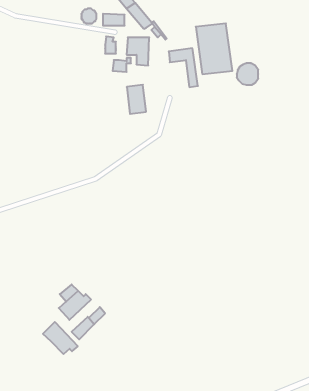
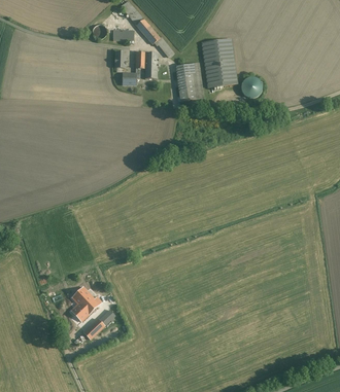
building: [127,85,146,114] -> [177,73,196,101]
building: [43,322,78,354] -> none

